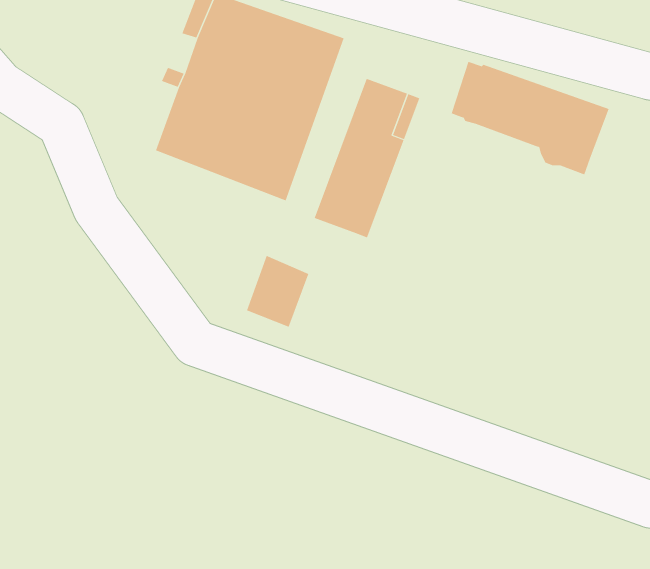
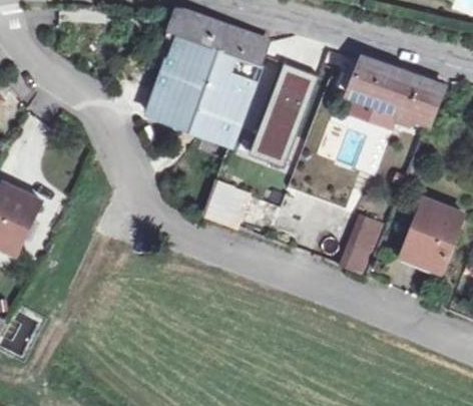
building: none -> [349,96,397,129]
building: none -> [402,197,465,272]
building: none -> [337,211,377,270]

